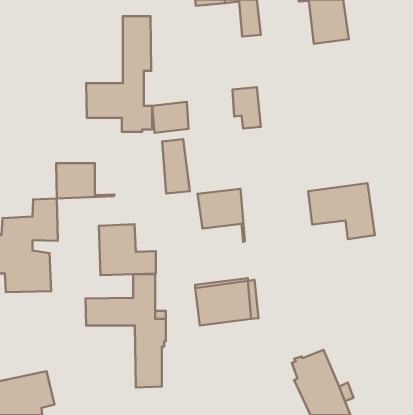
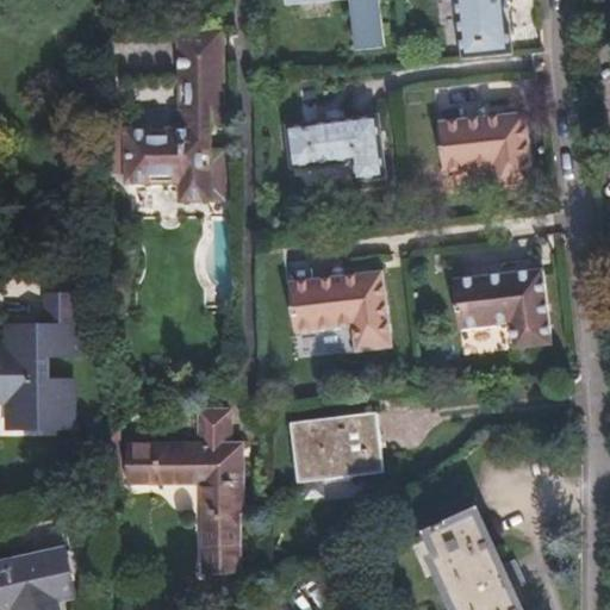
building: none -> [437,116,533,193]
building: [152,102,189,133] -> [290,131,343,176]
building: [162,139,190,194] -> [353,273,393,353]
building: [56,163,115,199] -> none
building: [99,224,156,275] -> none

